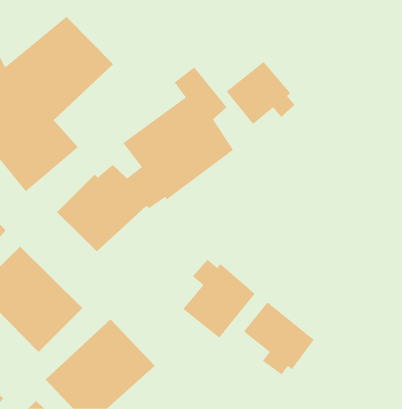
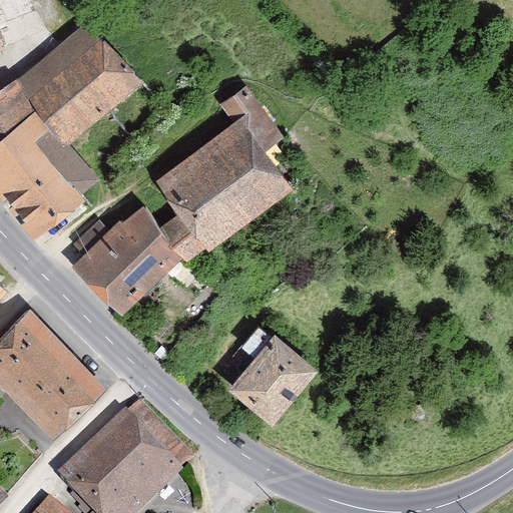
building: [226,61,295,125] -> none
building: [243,302,315,375] -> none

